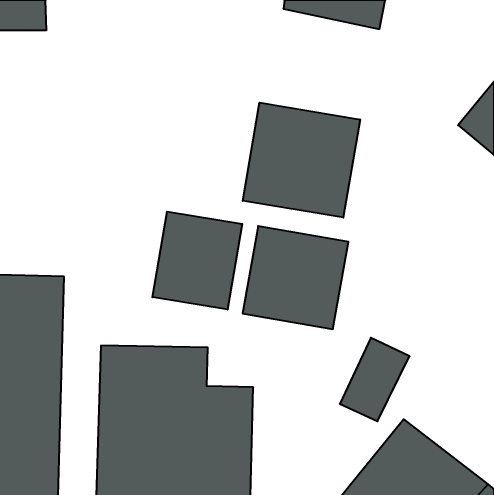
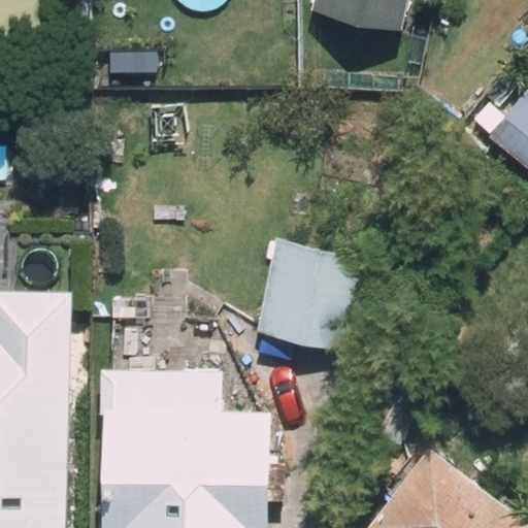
building: [243,103,360,218] -> none
building: [152,212,242,310] -> none

